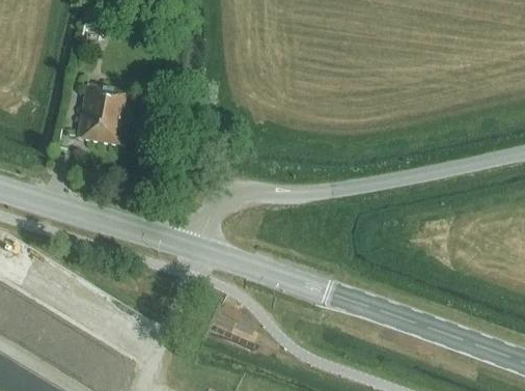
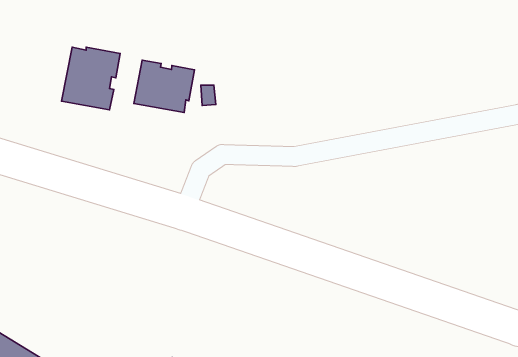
building: none -> [134,60,194,112]

